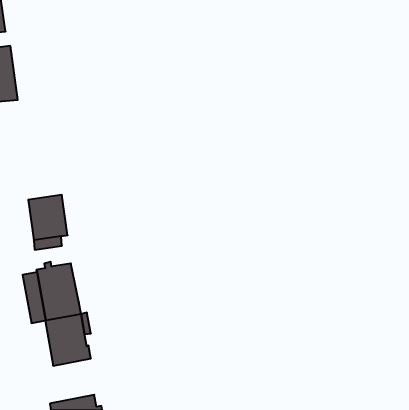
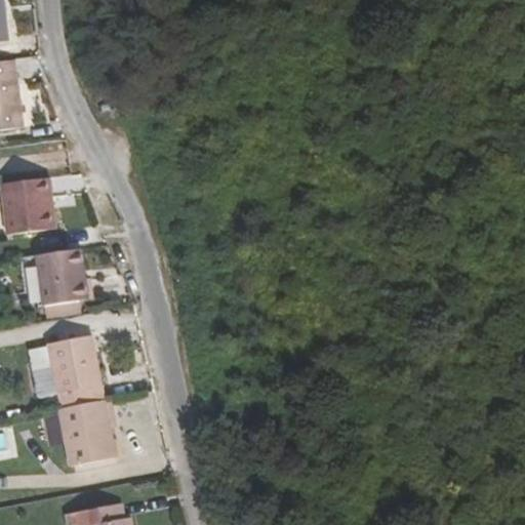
building: none -> [9,176,65,233]

